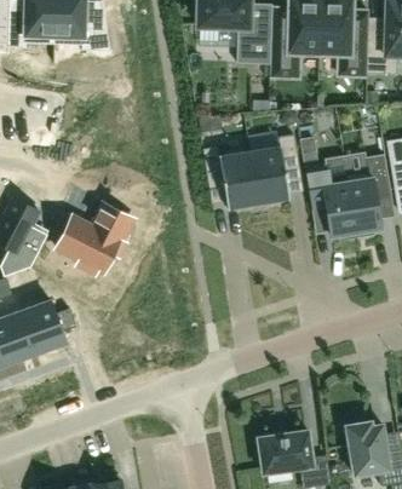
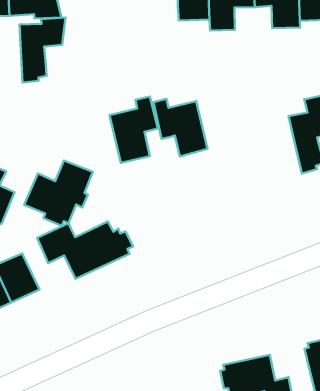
building: none -> [19,17,65,82]
building: [248,134,299,203] -> [110,96,158,163]
building: [304,166,356,240] -> none
building: none -> [37,222,133,279]

